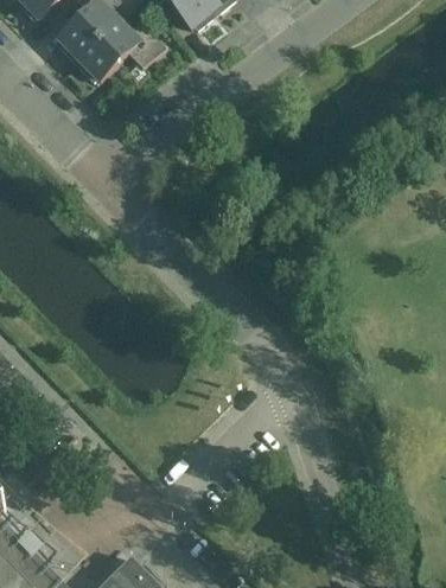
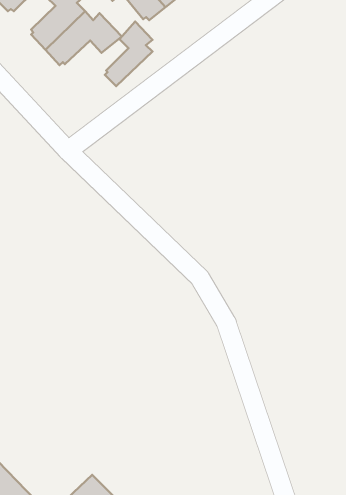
building: none -> [105,22,153,86]

